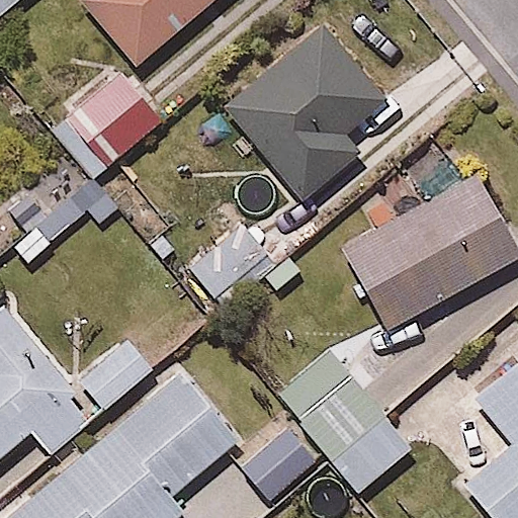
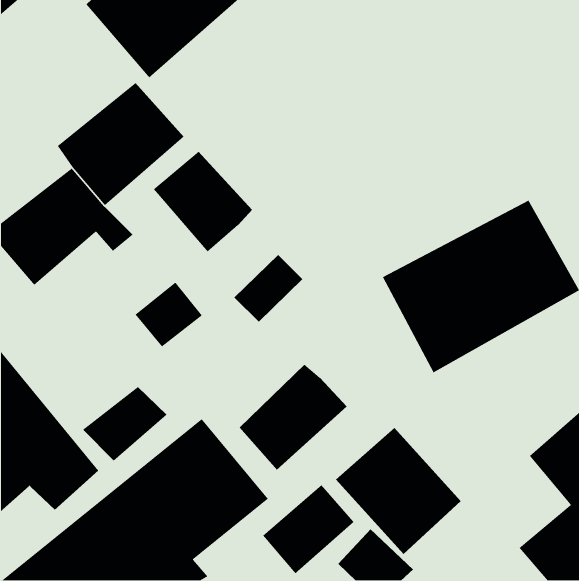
building: [223,26,385,204] -> none
building: none -> [153,151,253,253]
building: none -> [239,364,347,471]

